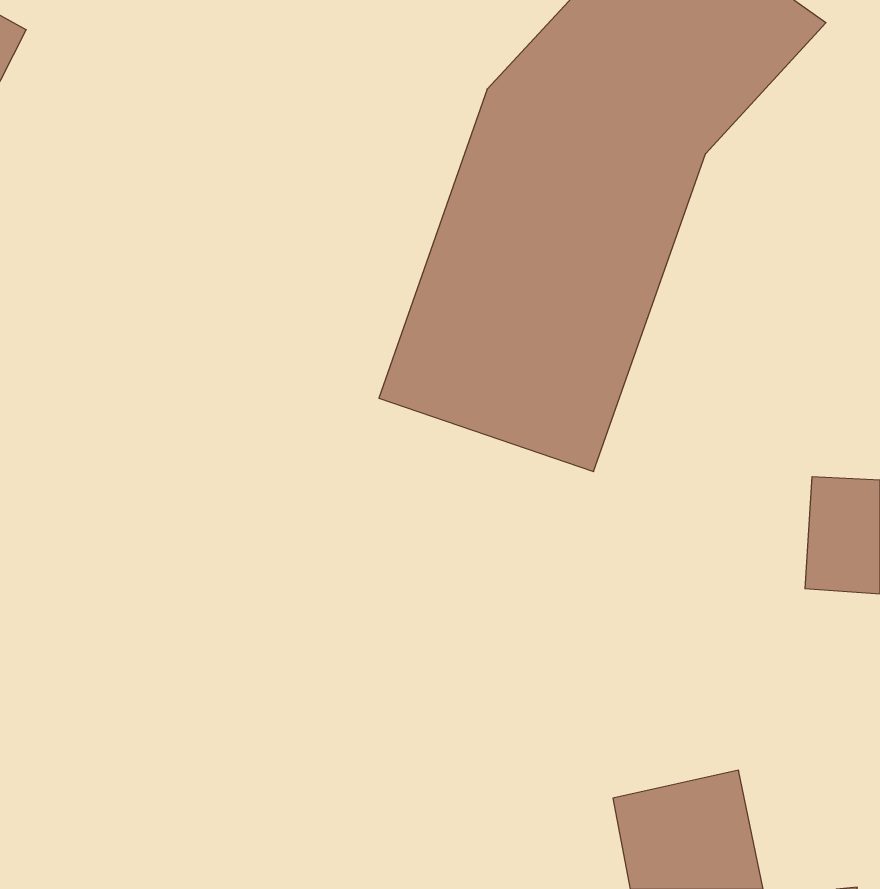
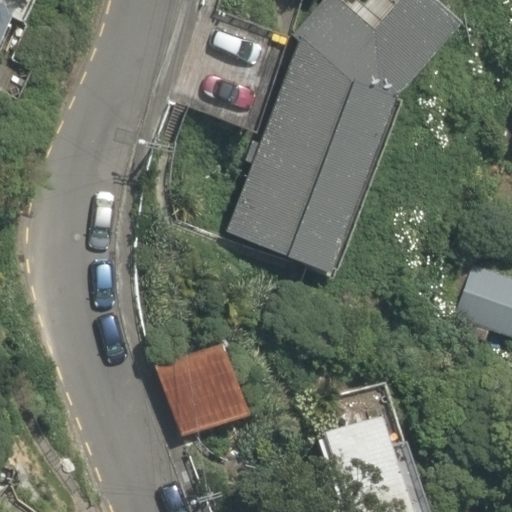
building: none -> [158,344,251,432]

